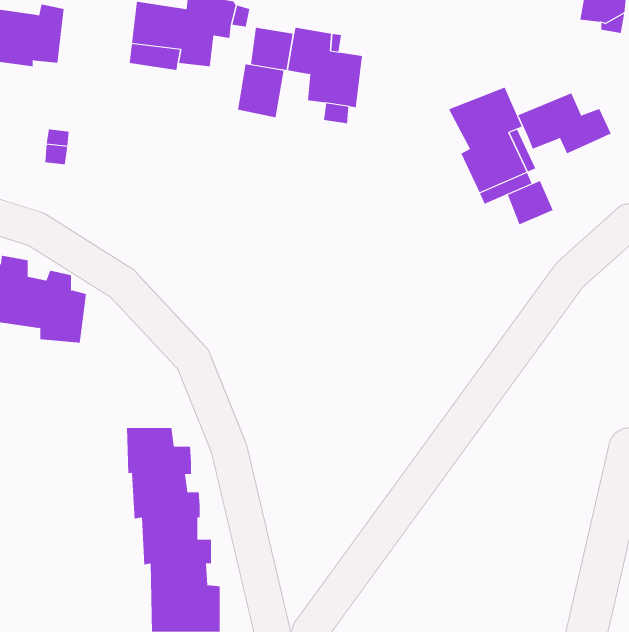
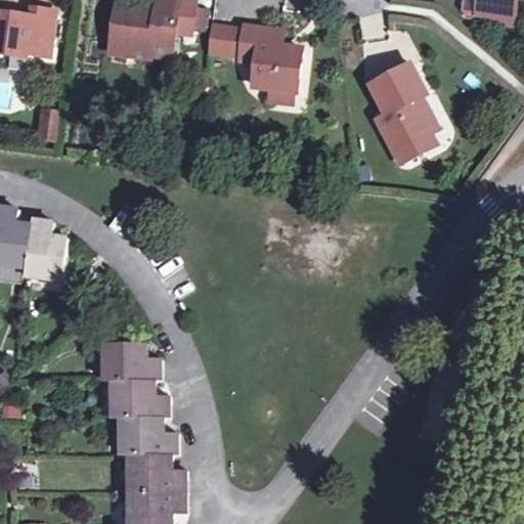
building: [237,64,284,118] -> none
building: [517,92,612,154] -> none
building: [507,180,553,225] -> none

